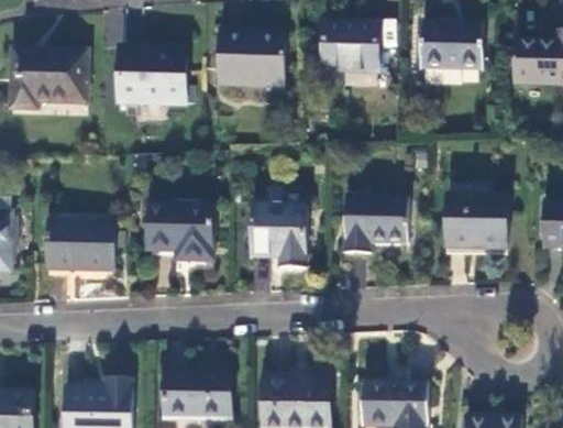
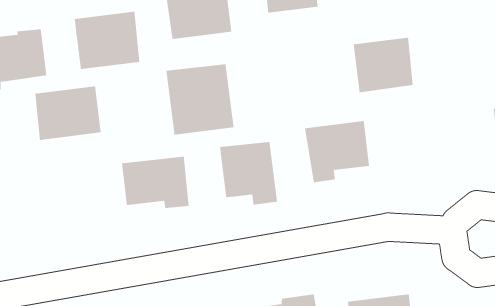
building: none -> [166,63,234,136]
building: [445,199,506,251] -> [353,37,414,93]
building: [45,221,112,272] -> [35,86,102,141]

